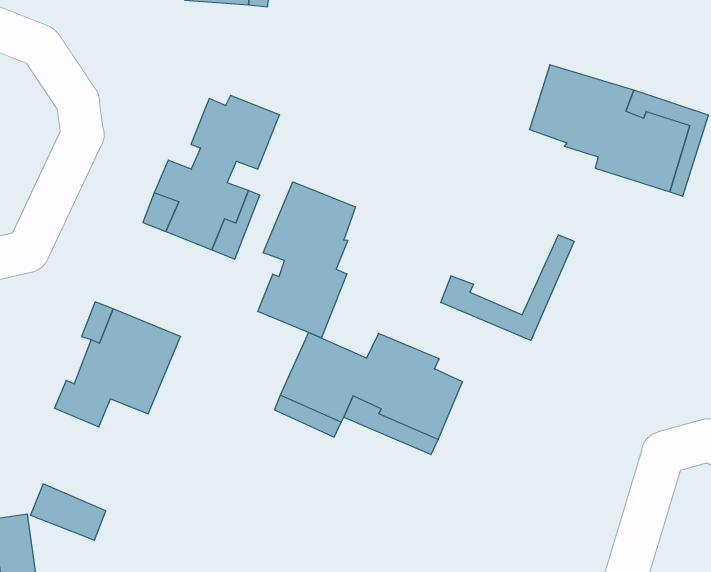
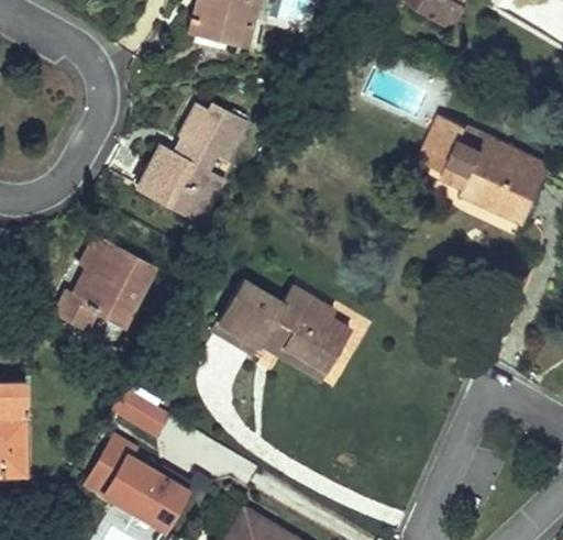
building: [258,182,355,338] -> none
building: [441,235,574,340] -> none
building: [30,484,106,540] -> [113,390,167,436]

